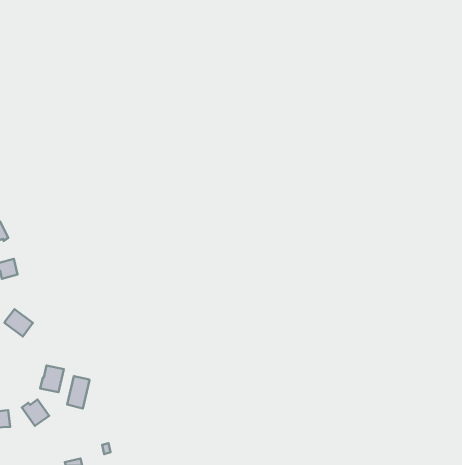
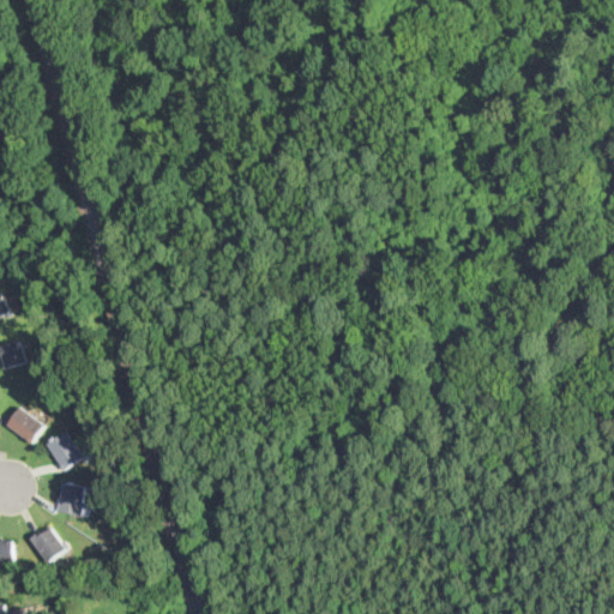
building: none -> [44,432,80,470]
building: [67,376,90,408] -> none

